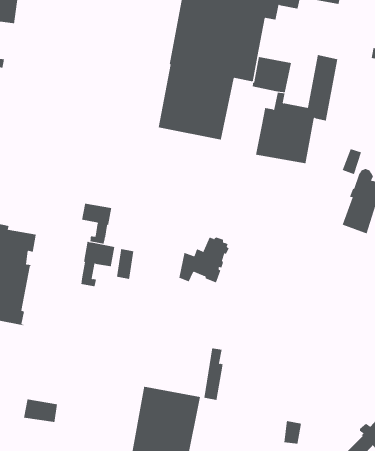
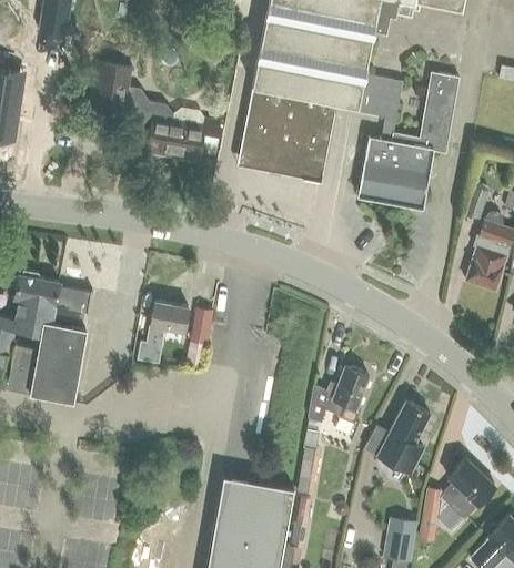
building: none -> [90,64,220,161]
building: [82,203,112,244] -> none
building: [178,237,229,283] -> [306,368,369,425]
building: none -> [377,403,430,475]
building: none -> [420,460,494,536]

